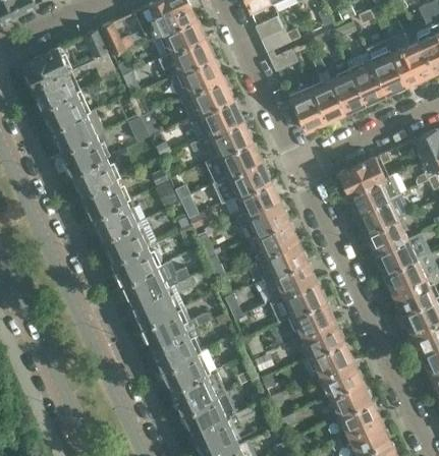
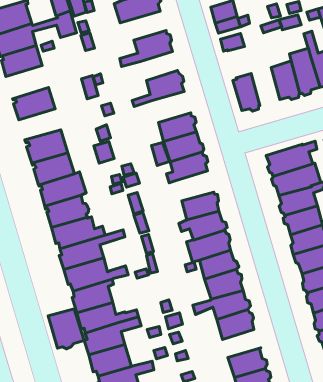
building: [158,38,214,72] -> none
building: [309,58,343,123] -> none
building: [189,78,232,113] -> none
building: [49,111,102,153] -> none
building: [189,119,252,156] -> none
building: [69,157,115,194] -> none
building: [238,199,288,235] -> none
building: [319,360,362,394] -> none
building: none -> [48,309,84,349]

